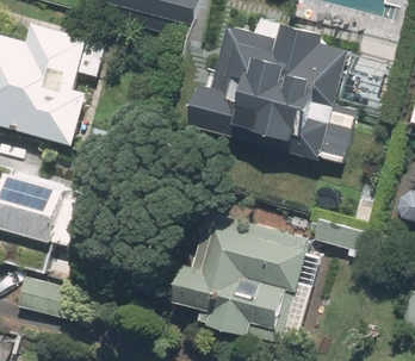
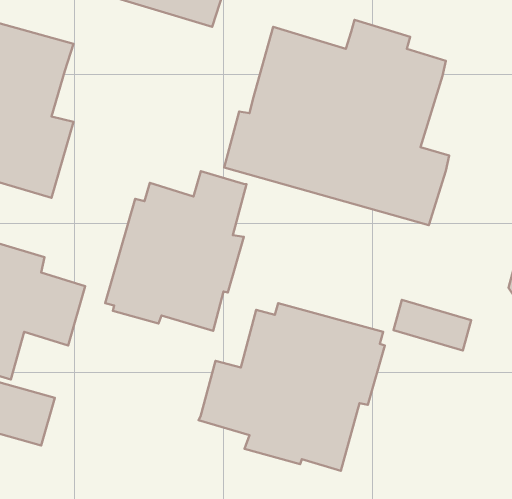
building: none -> [105,171,247,331]

